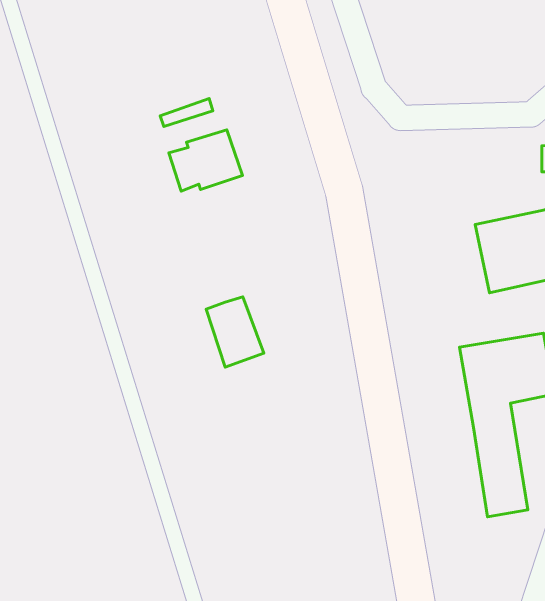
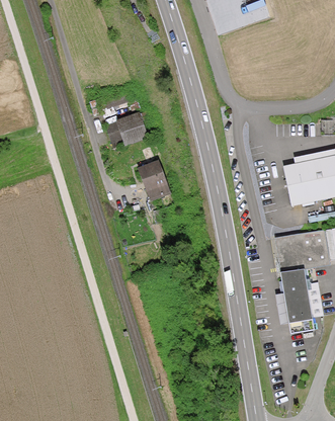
building: [206,297,264,367] -> [139,161,172,201]

